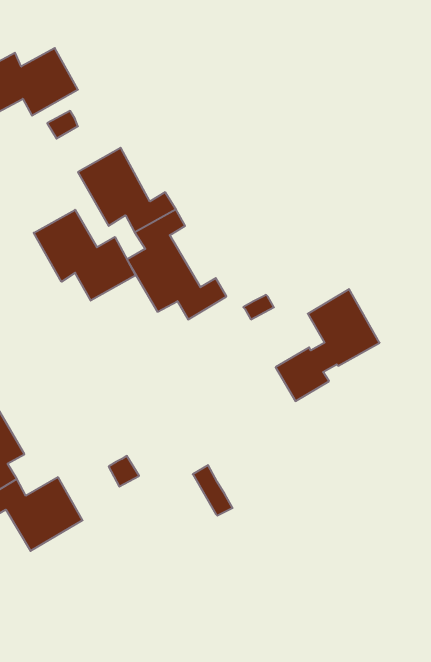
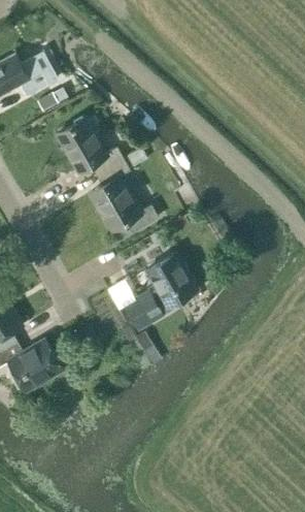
building: [34,210,135,301] -> none
building: [276,289,380,401] -> [125,253,195,328]

